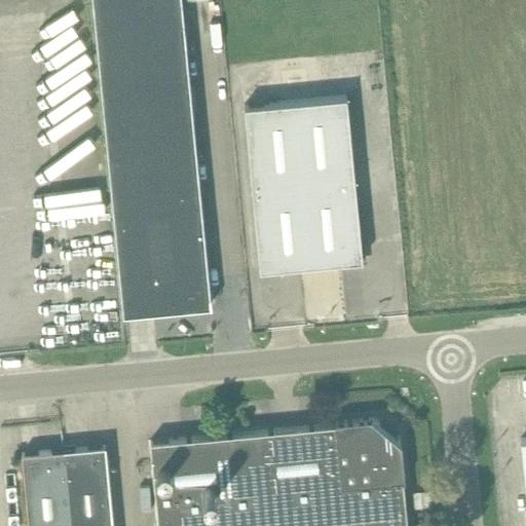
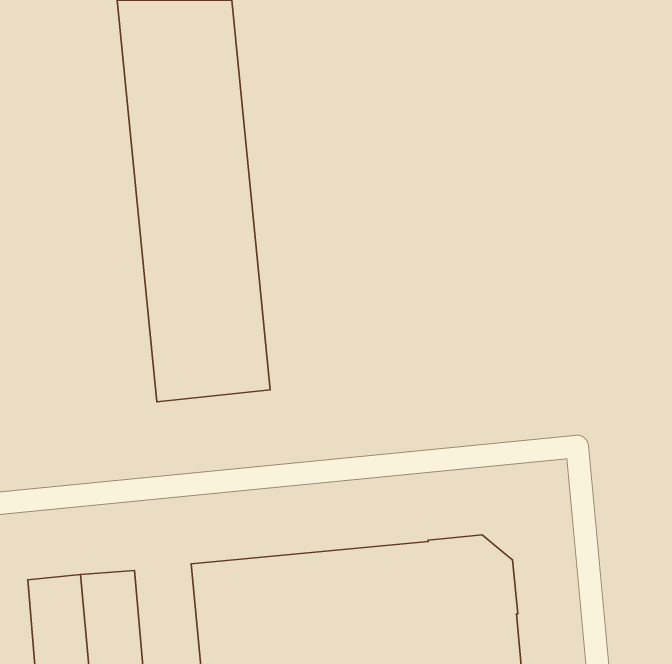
building: [245,103,363,275] -> none

